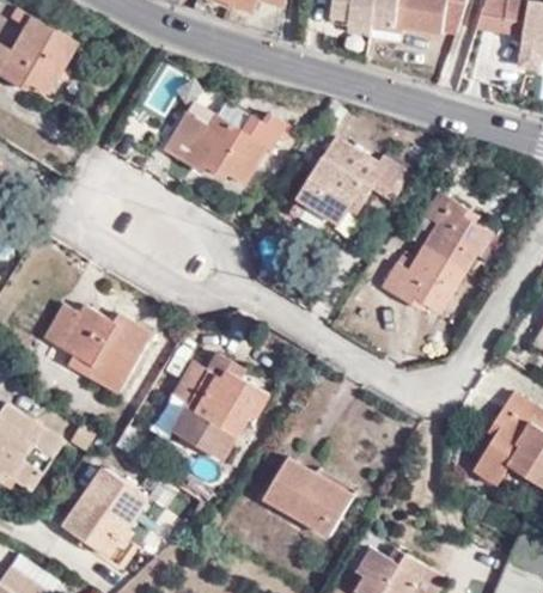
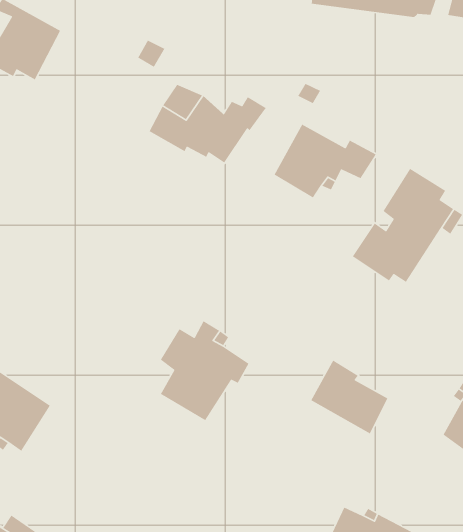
building: [44,304,153,393] -> none
building: [264,460,347,539] -> [310,359,388,434]
building: [66,469,146,555] -> none

